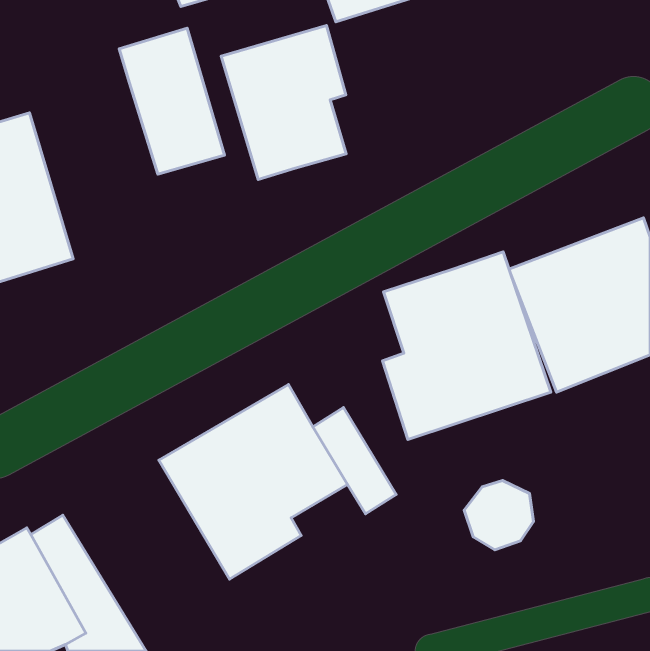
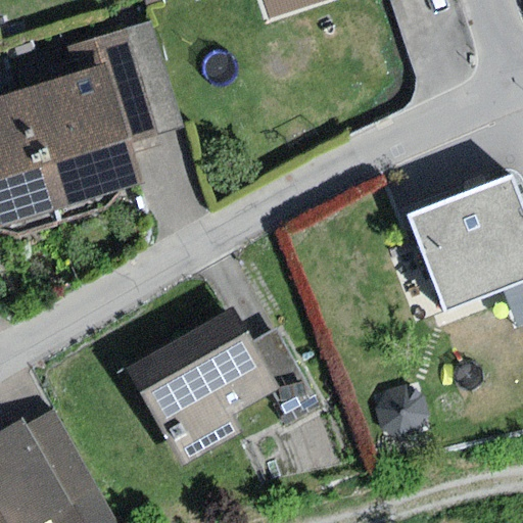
building: [221,26,346,180] -> none
building: none -> [23,66,139,206]
building: [383,252,551,440] -> none

